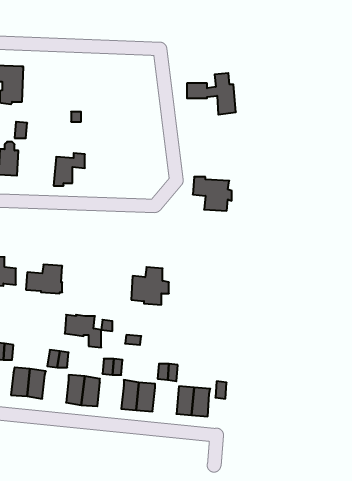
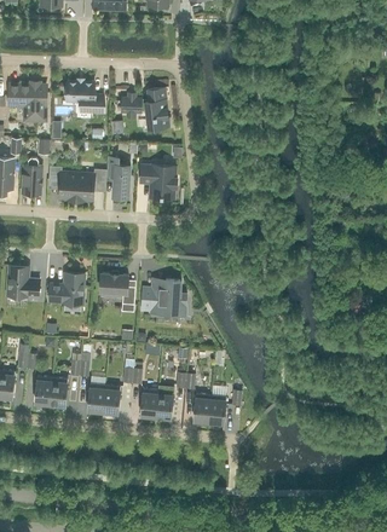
building: none -> [67,82,103,112]
building: [187,73,236,115] -> [121,88,168,128]
building: none -> [105,157,129,196]
building: none -> [48,167,77,201]
building: [193,177,232,211] -> [139,166,177,198]
building: [65,315,101,347] -> [99,273,134,305]

